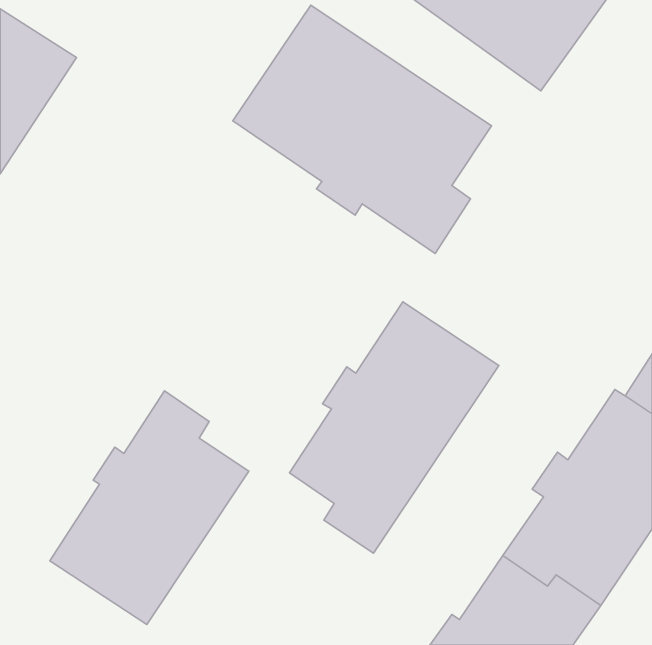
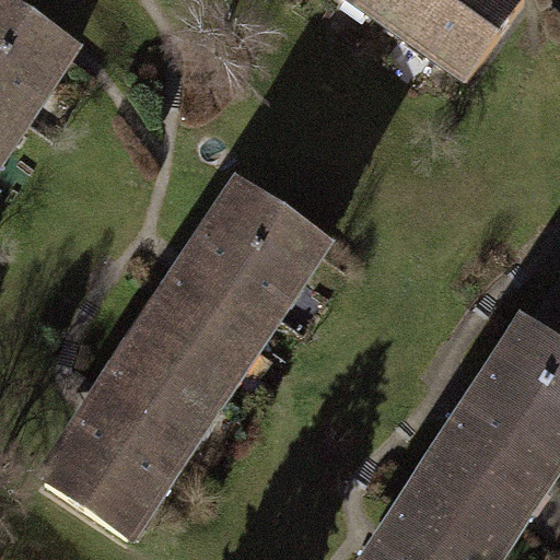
building: [233,5,492,254] -> none
building: [289,302,499,553] -> [141,188,320,404]

